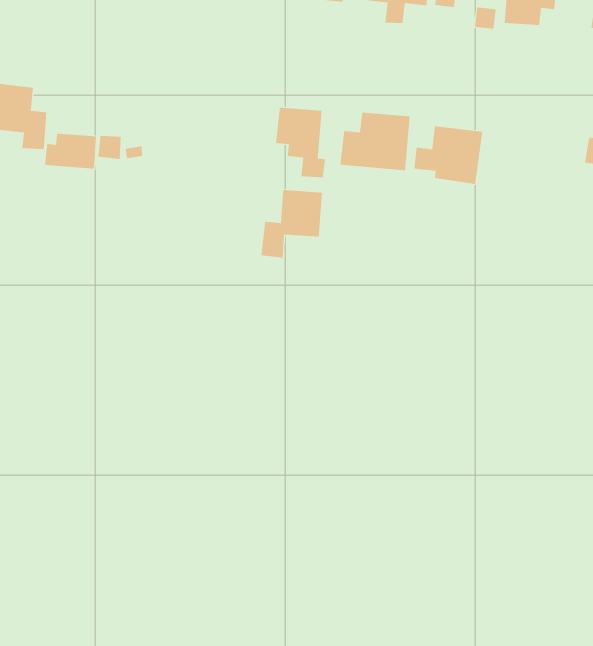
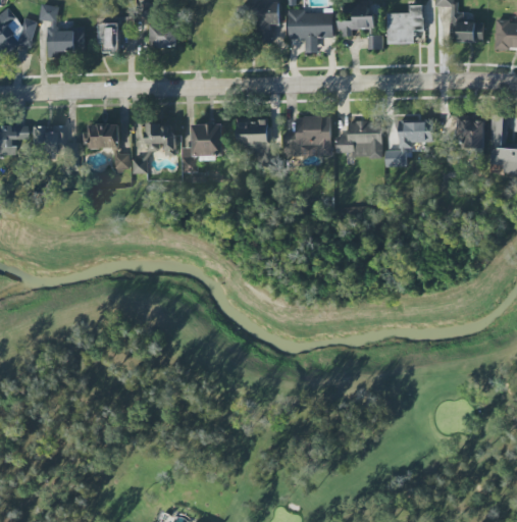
building: none -> [145,122,174,156]
building: [44,133,97,169] -> [83,123,118,148]
building: none -> [384,120,432,167]
building: [261,190,323,258] -> [182,123,221,172]

